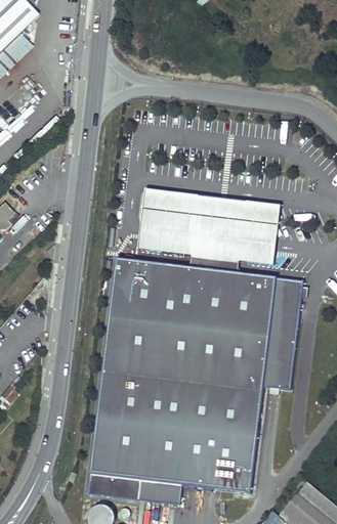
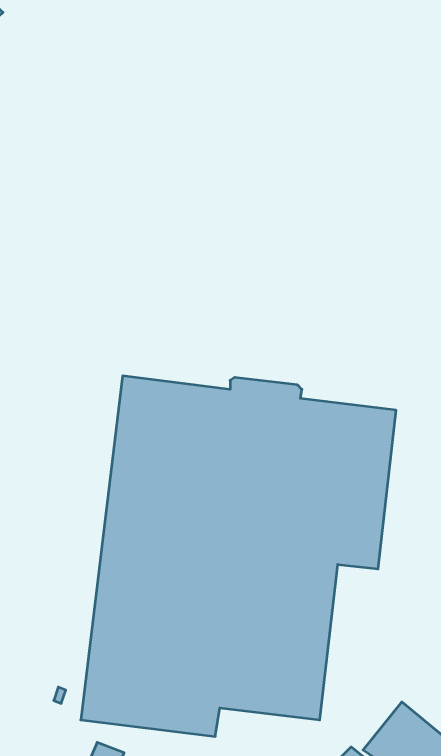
building: [139,189,282,267] -> none

